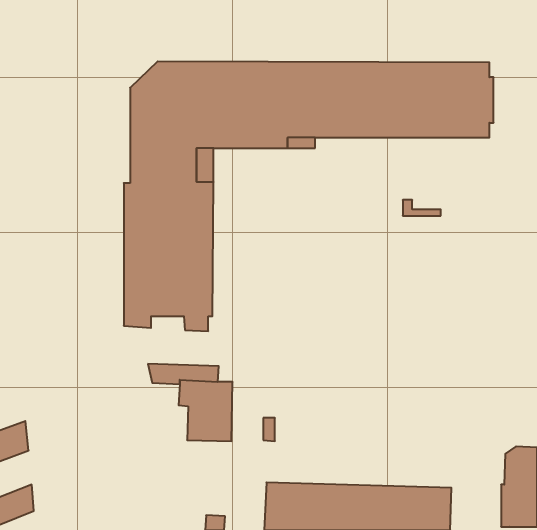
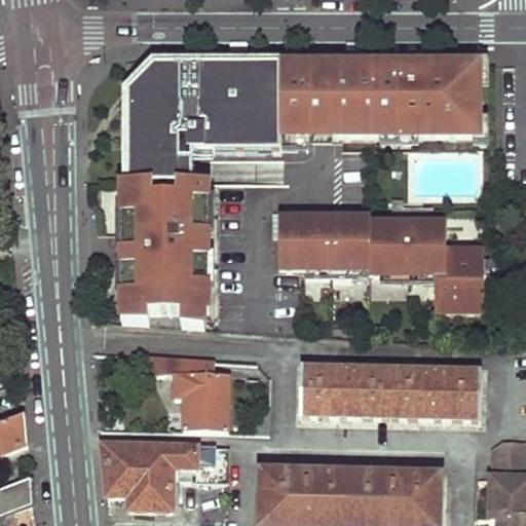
building: none -> [277,214,483,307]
building: none -> [298,362,479,418]
building: none -> [101,440,225,499]

